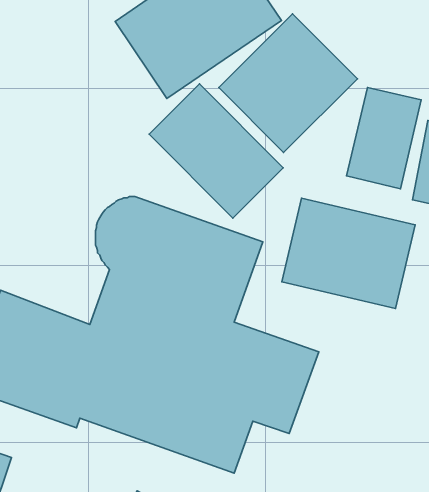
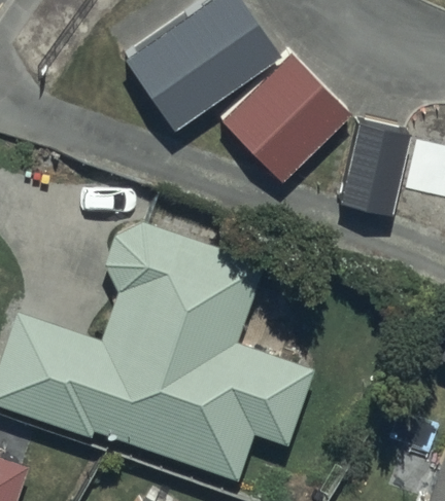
building: [149,84,283,218] -> none
building: [282,198,415,308] -> none

